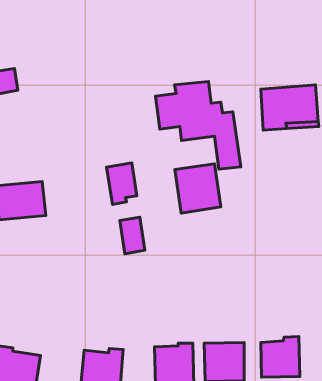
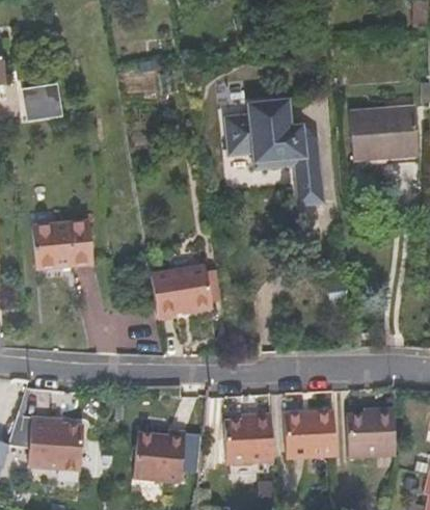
building: [106,163,137,204] -> [152,267,188,317]
building: [175,164,221,213] -> none

